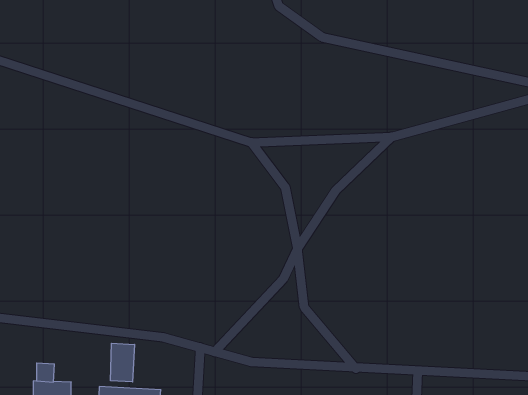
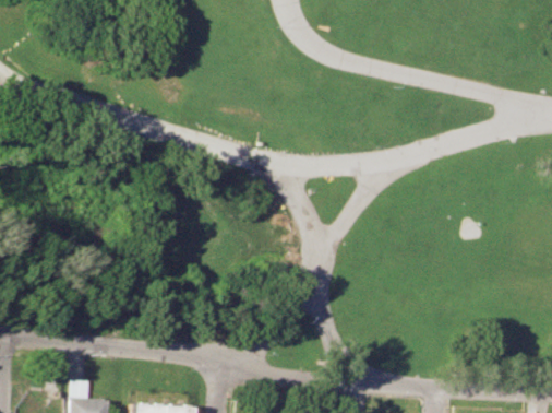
building: [111,343,135,382] -> none

